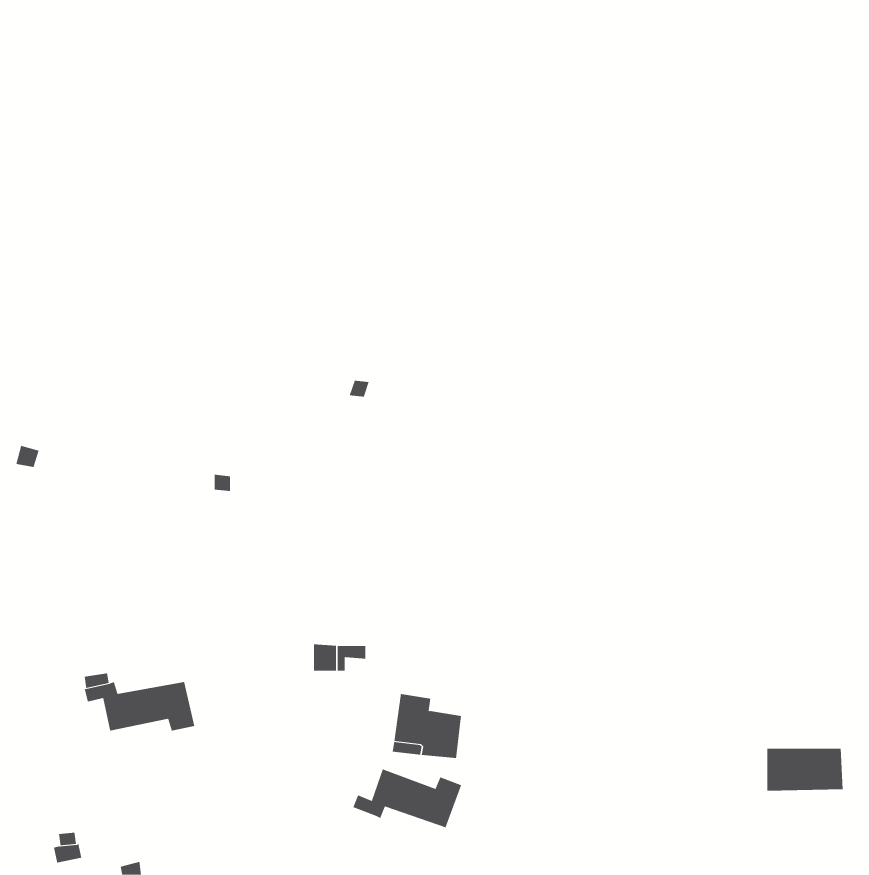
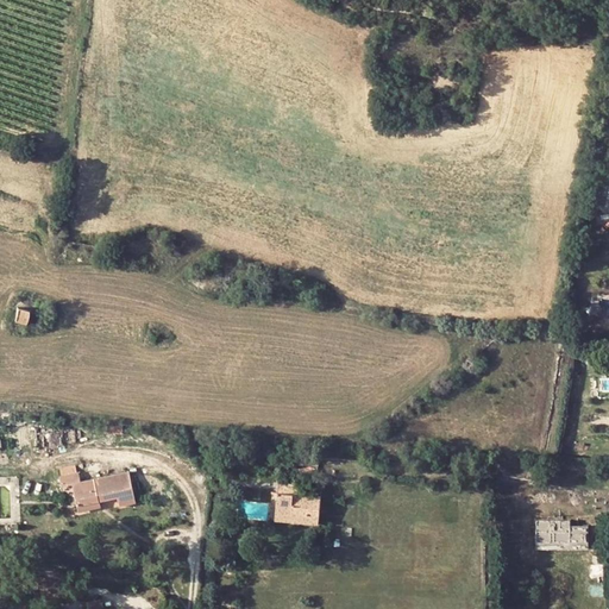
building: [353,768,462,828] -> none

